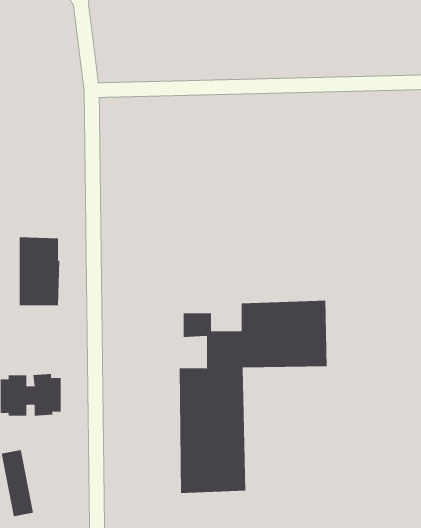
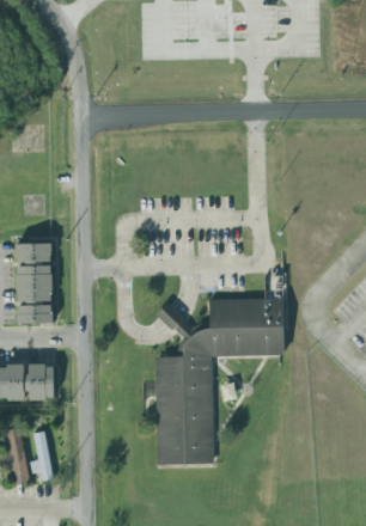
building: none -> [18,305,53,324]
building: none -> [30,432,53,481]

